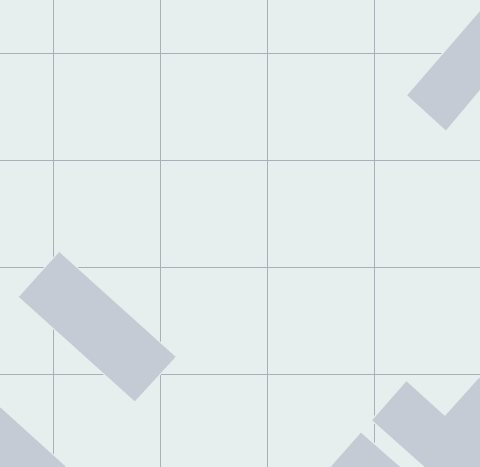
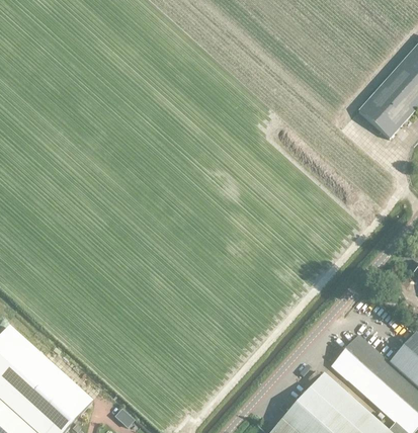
building: [17,251,176,402] -> none

